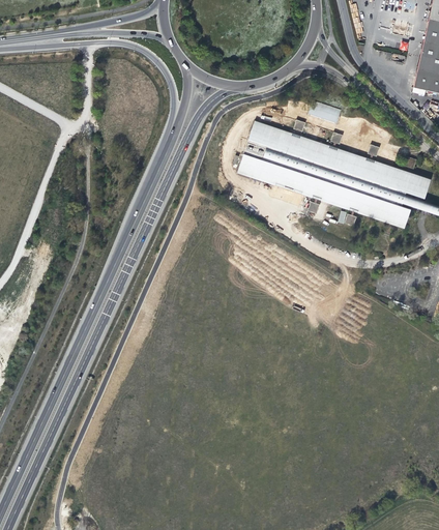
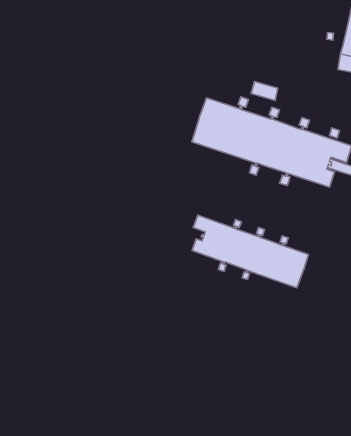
building: none -> [192,215,309,288]

